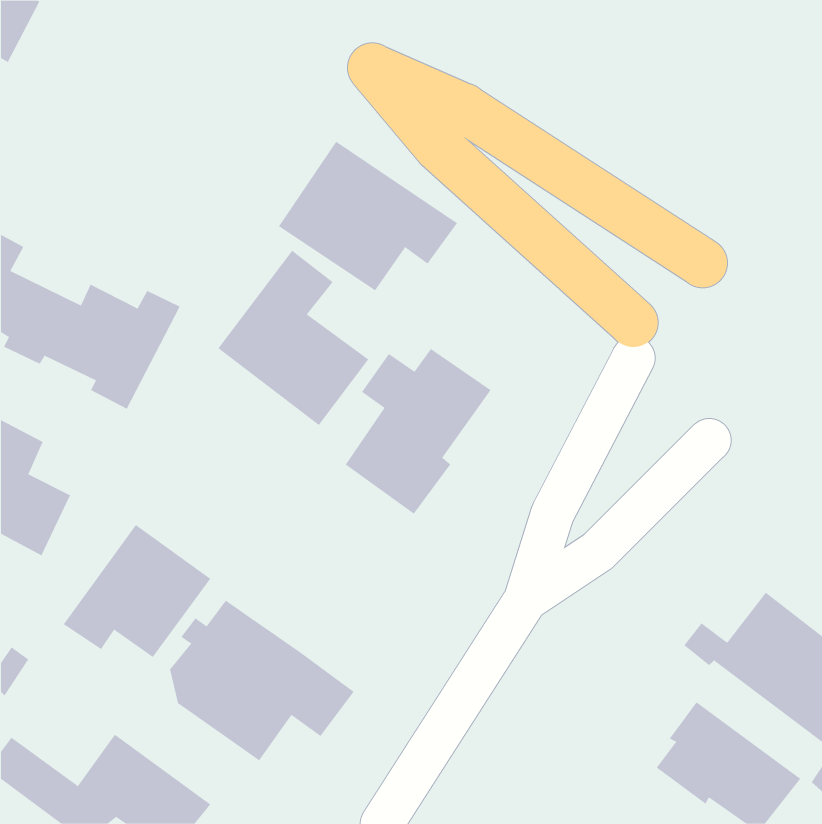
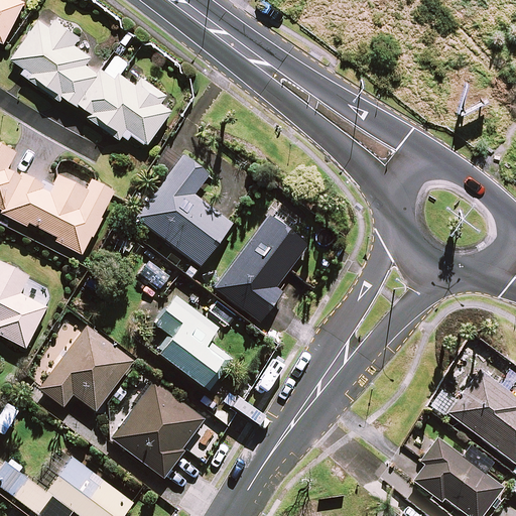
building: none -> [16,19,171,140]
building: [278,141,458,291] -> none
building: none -> [156,288,232,390]

